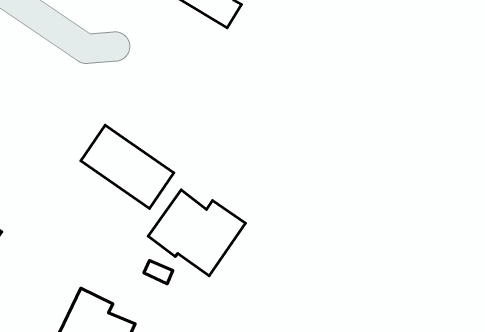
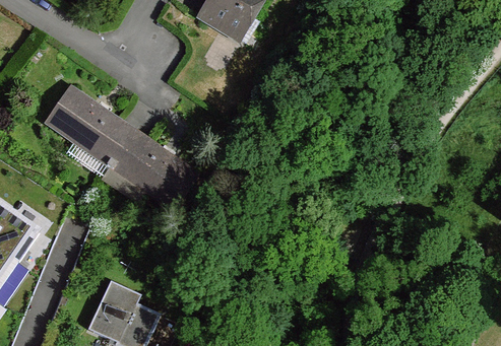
building: none -> [48,88,132,163]
building: [148,190,245,276] -> none

